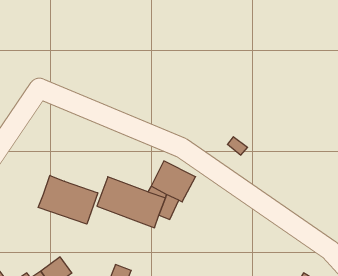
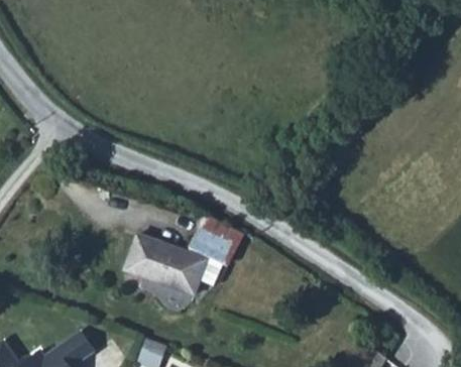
building: [38,175,98,224] -> none

